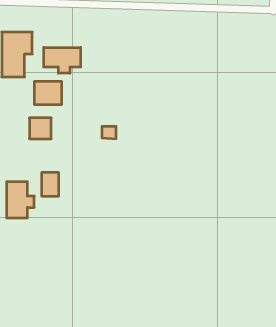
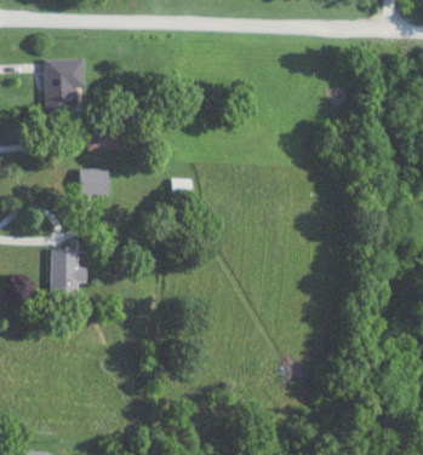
building: [44,47,81,73] -> none
building: [42,172,58,196] -> none

